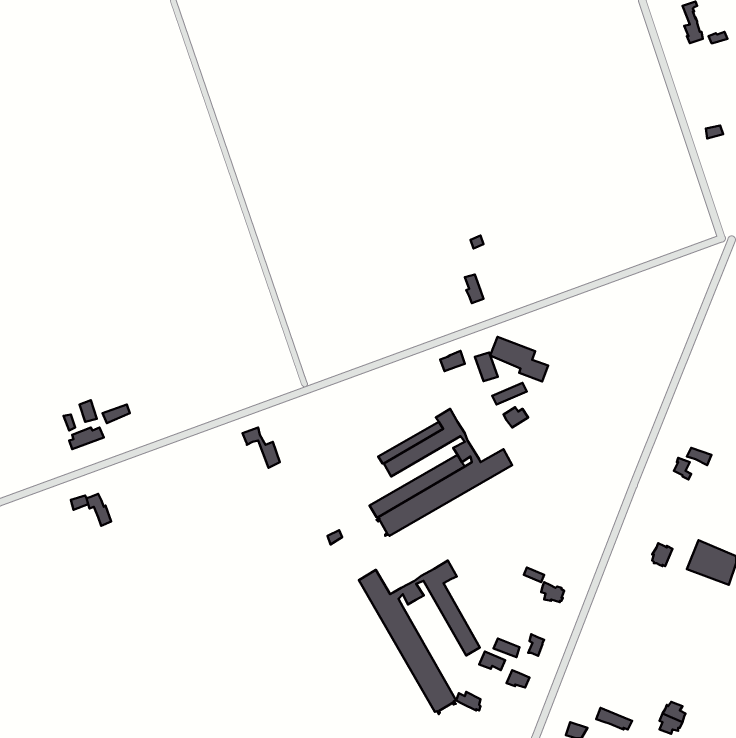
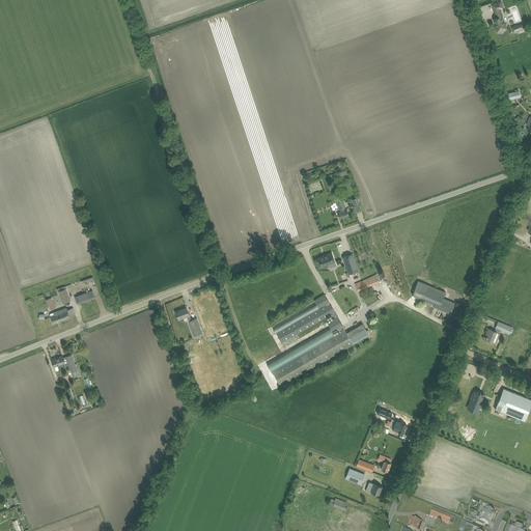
building: [490,337,548,381] -> [412,281,453,313]
building: [359,561,480,714] -> none

